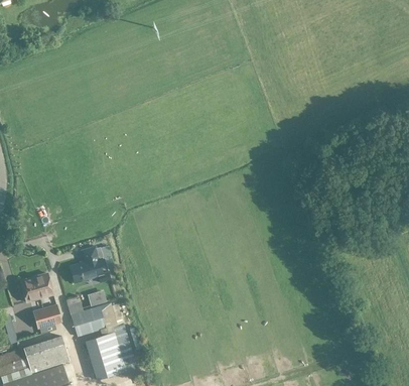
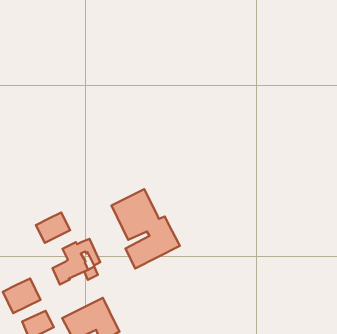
building: none -> [112,189,180,268]
building: none -> [36,213,70,243]

